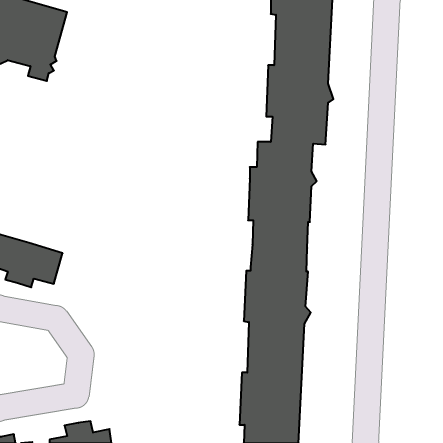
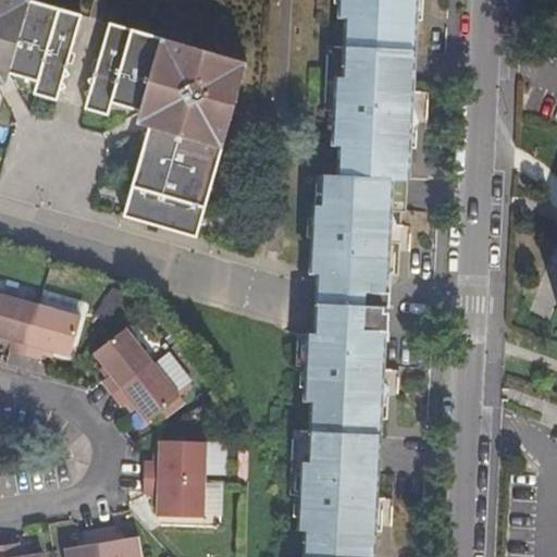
building: none -> [85,23,250,237]
building: none -> [90,329,177,421]
building: none -> [141,437,203,516]

